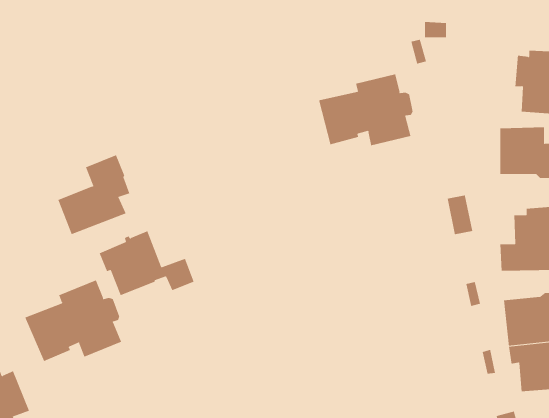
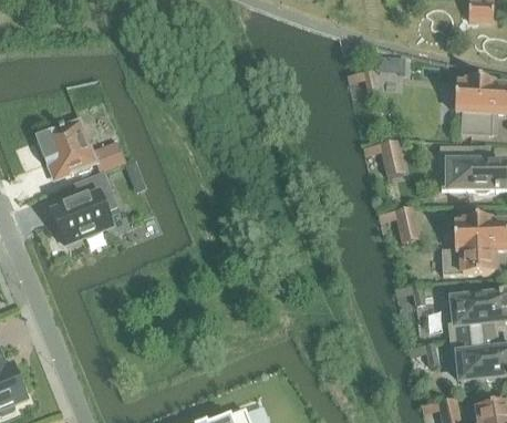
building: [318,74,413,146] -> none
building: none -> [380,140,405,175]
building: [99,230,194,296] -> [37,117,121,175]
building: [25,280,122,362] -> none

